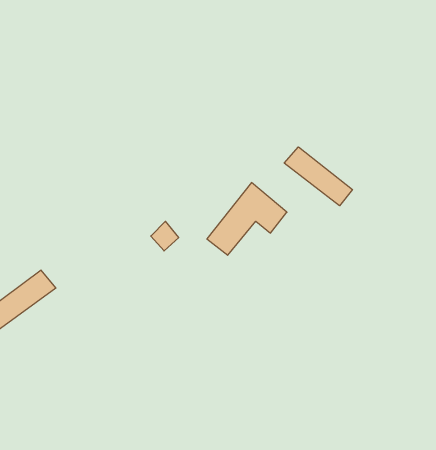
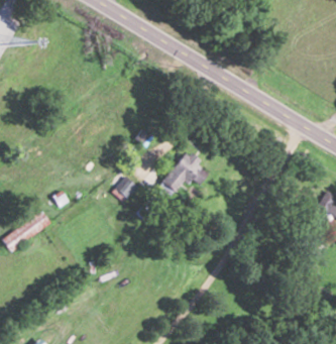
building: [284,147,352,206] -> none

